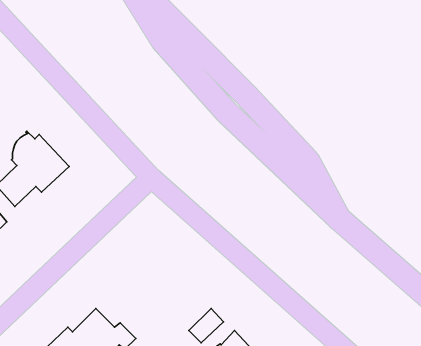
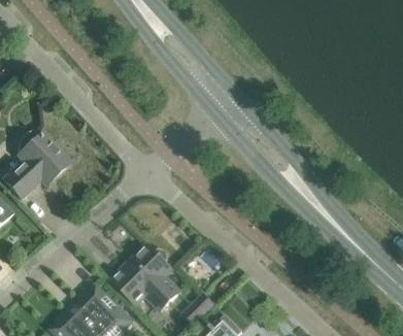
building: none -> [111,243,180,310]

